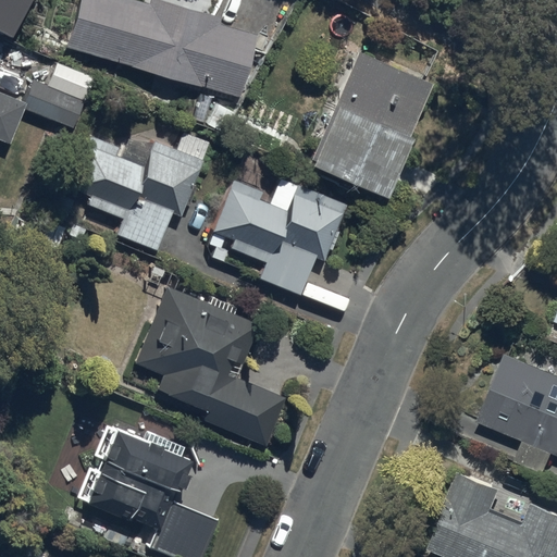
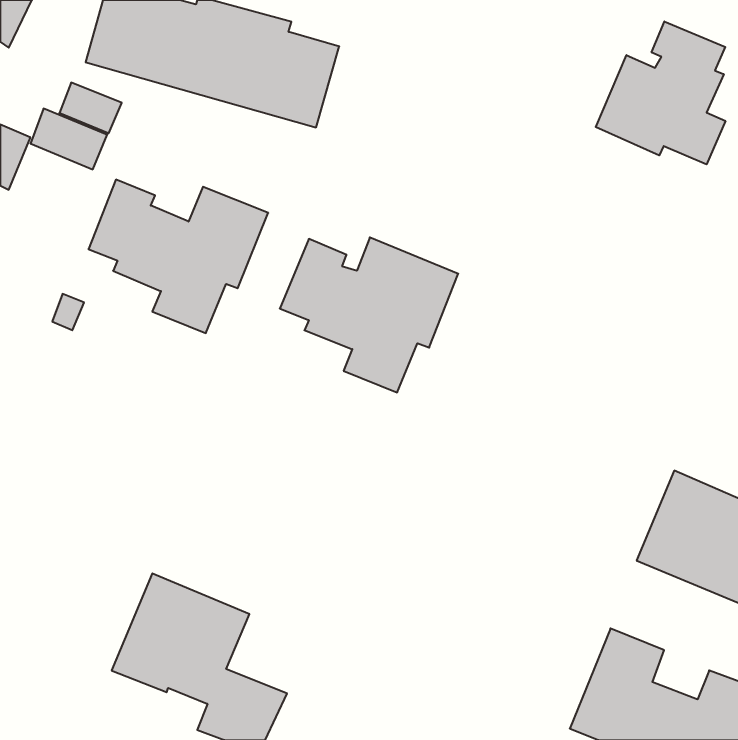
building: none -> [596,21,725,164]
building: [309,52,432,198] -> none
building: [135,287,285,446] -> none

